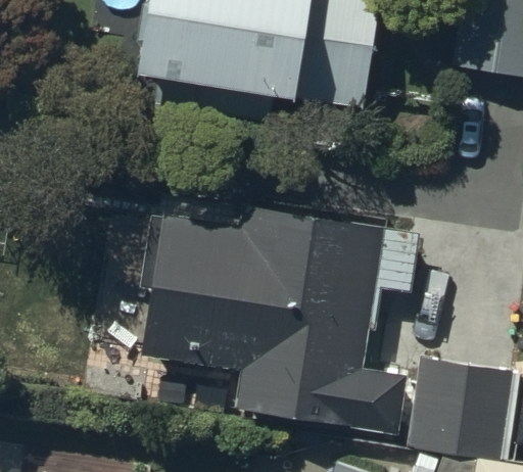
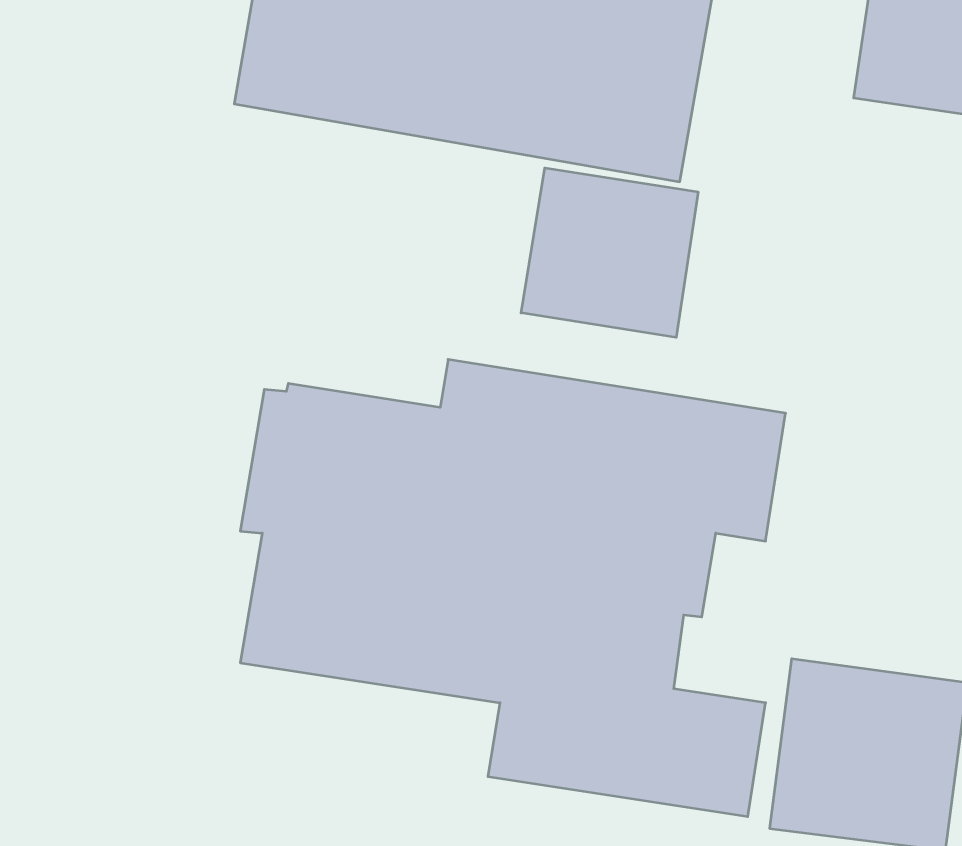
building: none -> [521,168,698,337]

